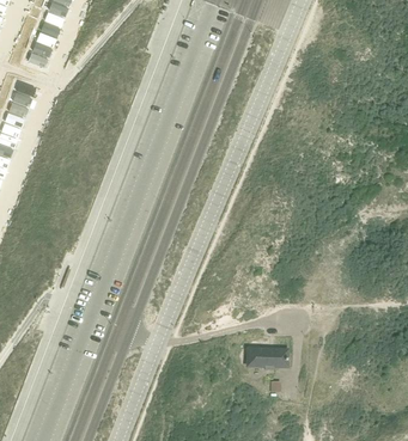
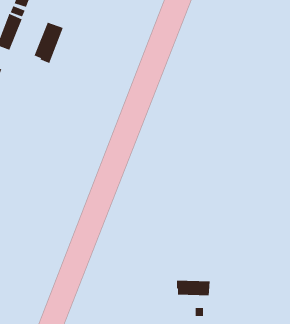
building: none -> [34,22,64,64]

